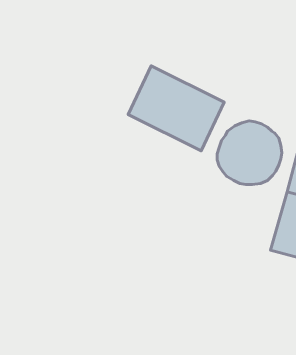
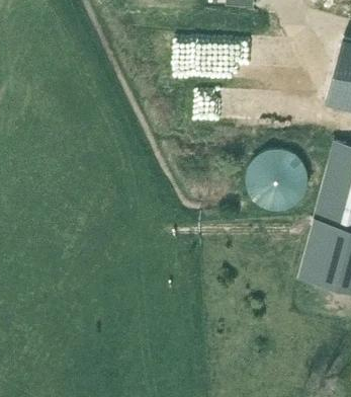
building: [128,66,224,151] -> none

